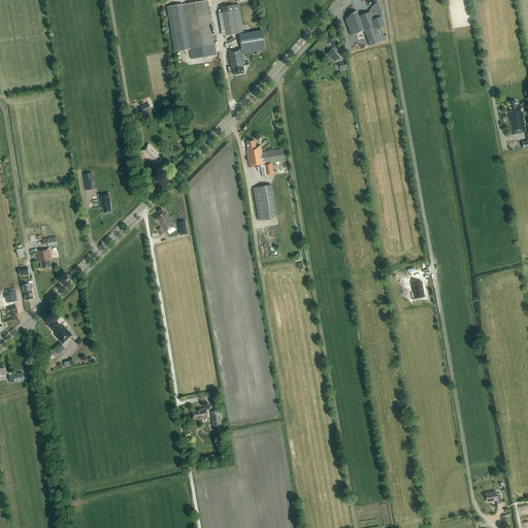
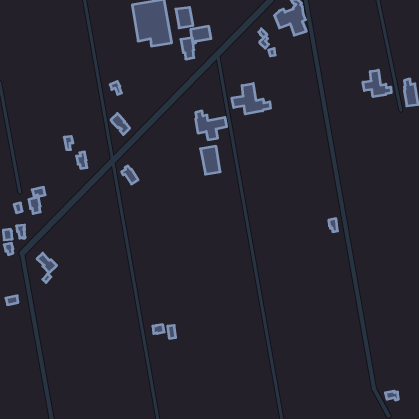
building: none -> [363,70,391,97]
building: none -> [232,83,270,114]

